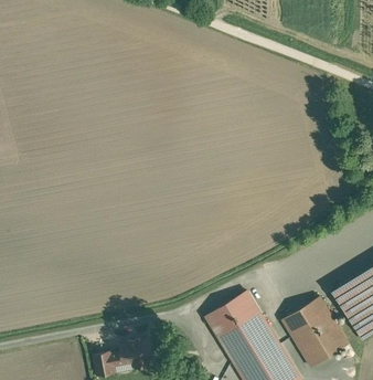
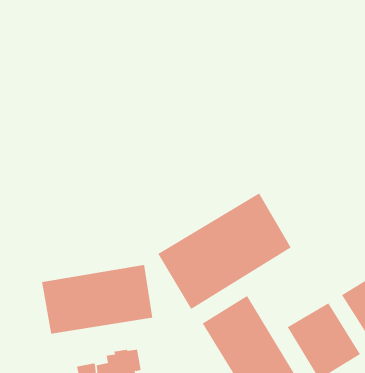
building: none -> [158,192,292,310]
building: none -> [41,264,153,334]

